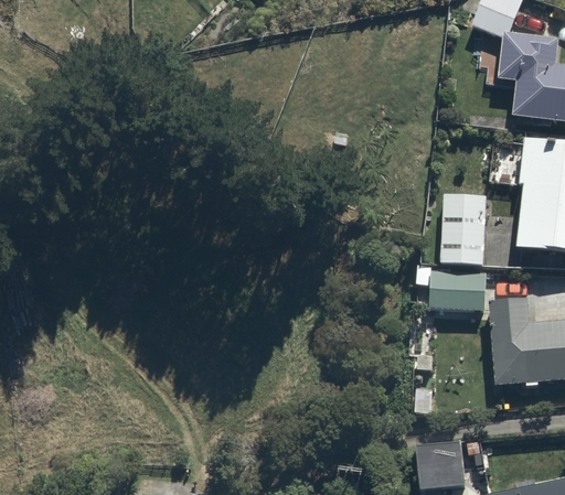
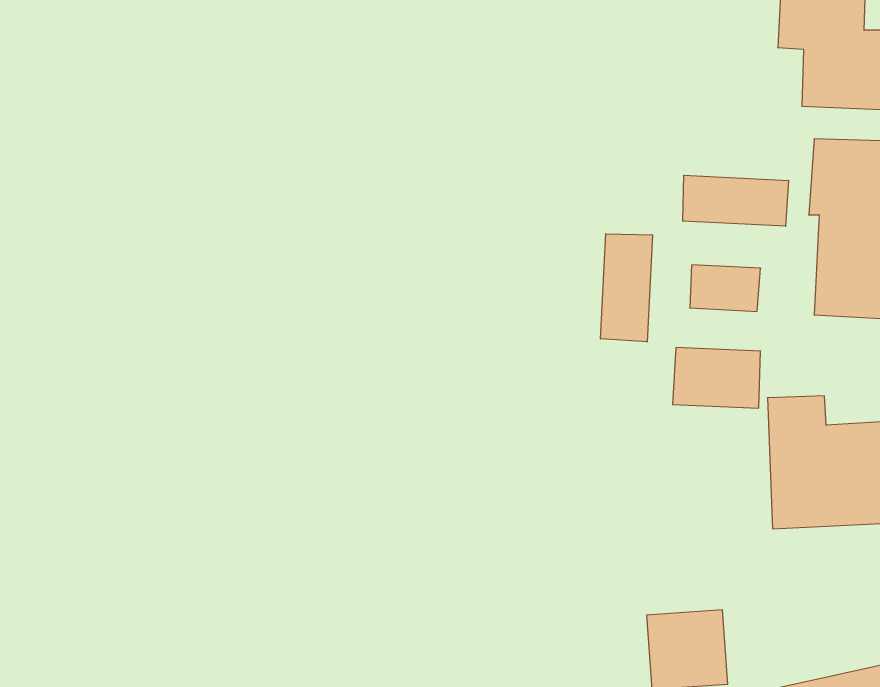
building: none -> [683,175,789,226]
building: none -> [601,234,652,342]

